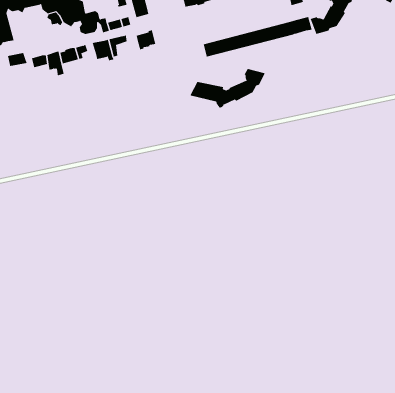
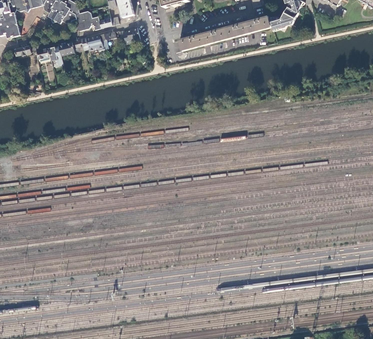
building: [190,68,265,109] -> none

